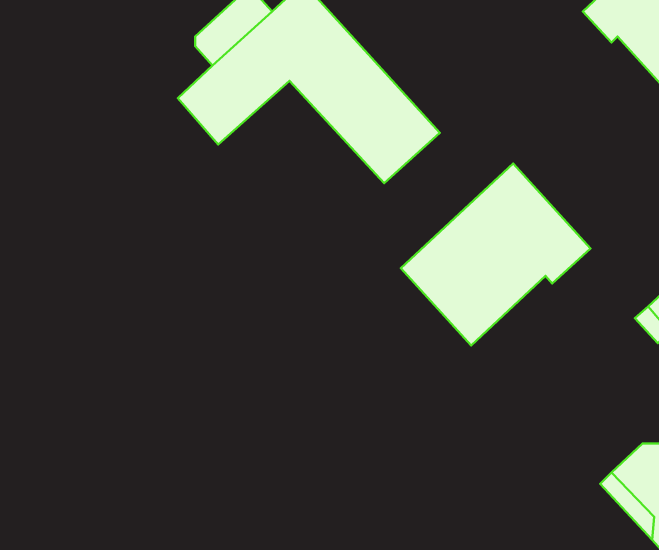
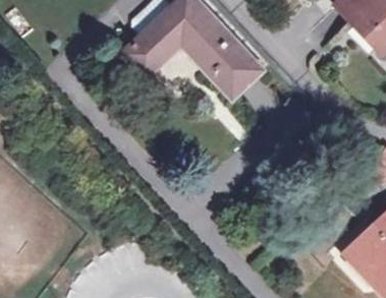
building: [401,163,590,346] -> none

